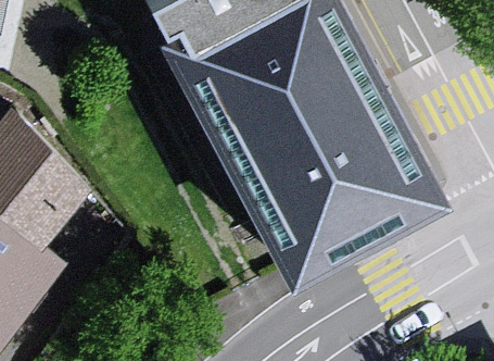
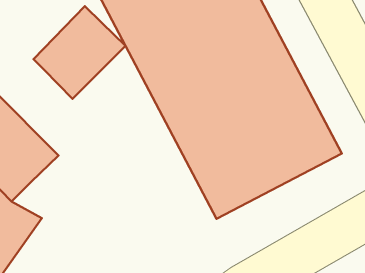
building: none -> [34,6,126,99]

